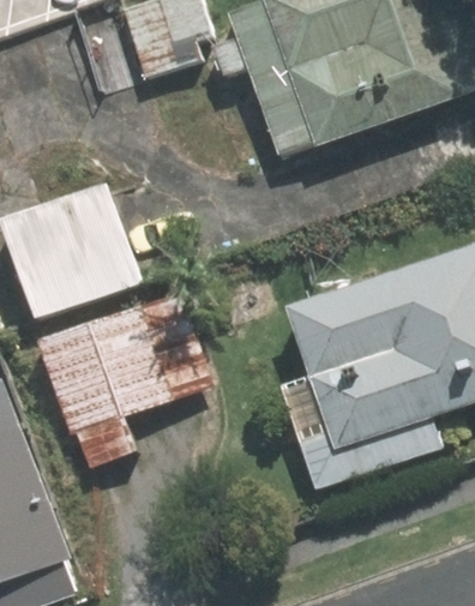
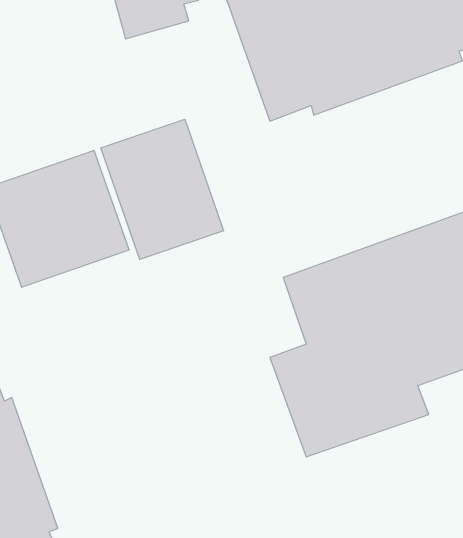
building: none -> [101,119,224,260]
building: [36,292,210,468] -> none

